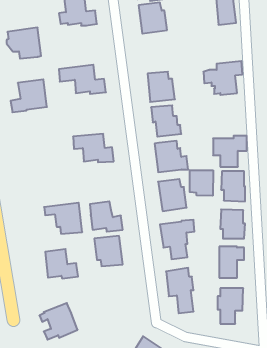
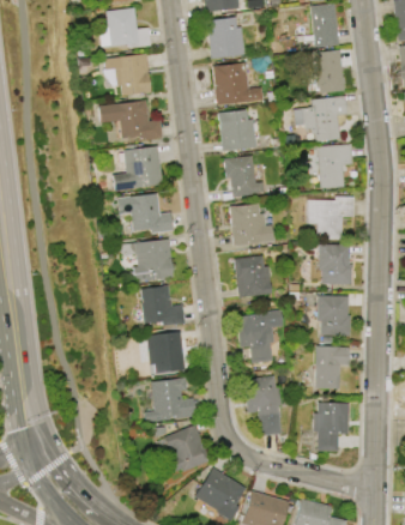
building: none -> [315,50,345,93]
building: [7,28,41,59] -> [104,54,151,96]
building: none -> [213,62,262,105]
building: [11,79,47,112] -> [114,146,163,191]
building: none -> [318,144,353,188]
building: [190,170,213,196] -> none
building: [44,203,82,234] -> [122,239,174,280]
building: [45,249,78,278] -> [152,379,197,418]
building: [39,303,78,340] -> [158,426,210,475]

